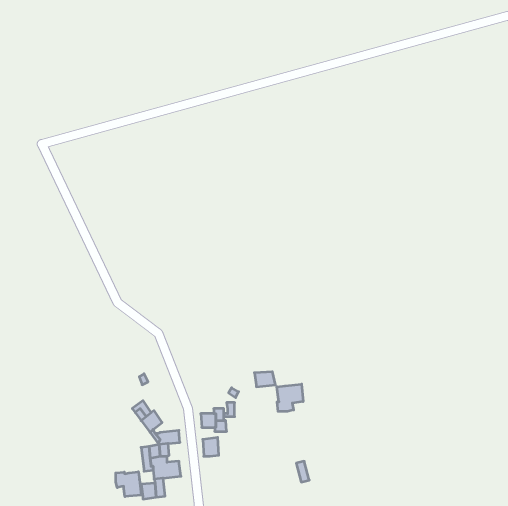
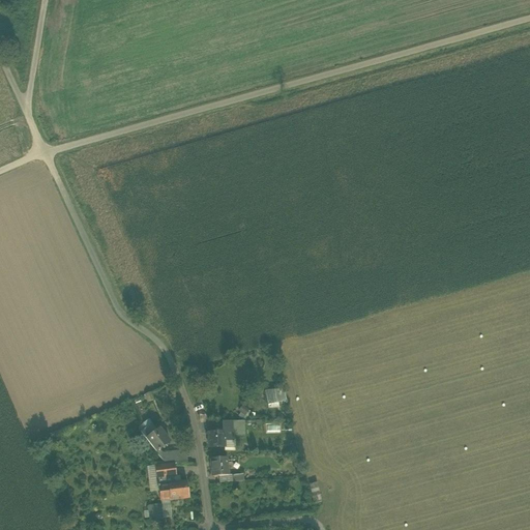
building: [277,384,303,411] -> none
building: [116,472,141,497] -> none

